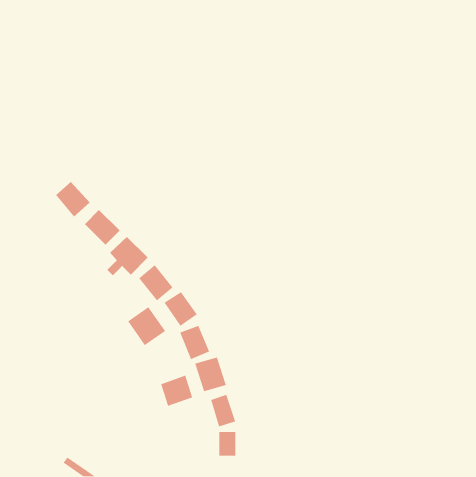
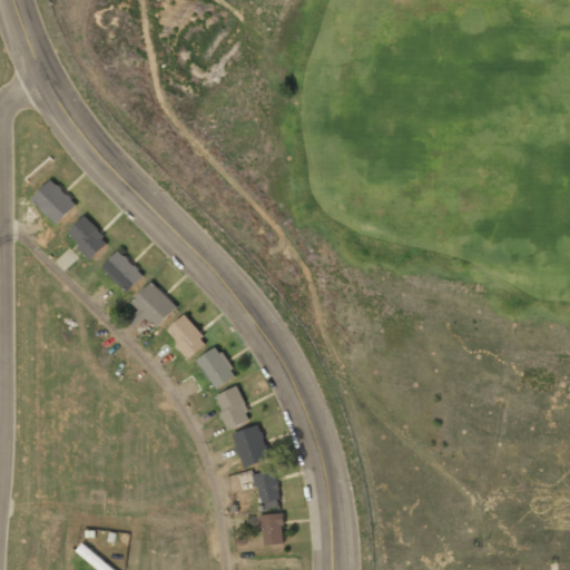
building: none -> [30,179,76,225]
building: [127,306,166,346] -> none
building: [160,375,193,407] -> none

